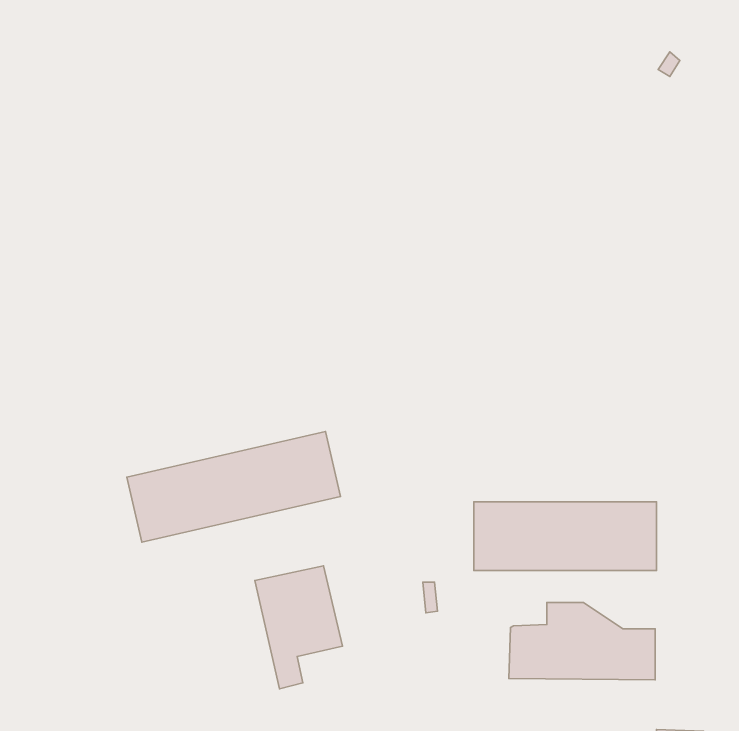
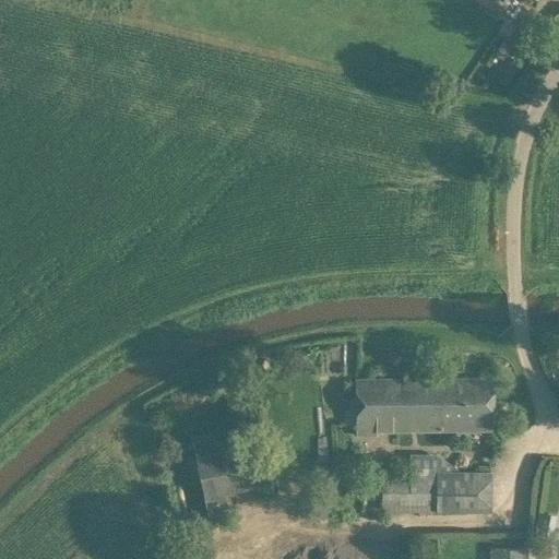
building: [127,432,340,542] -> none

